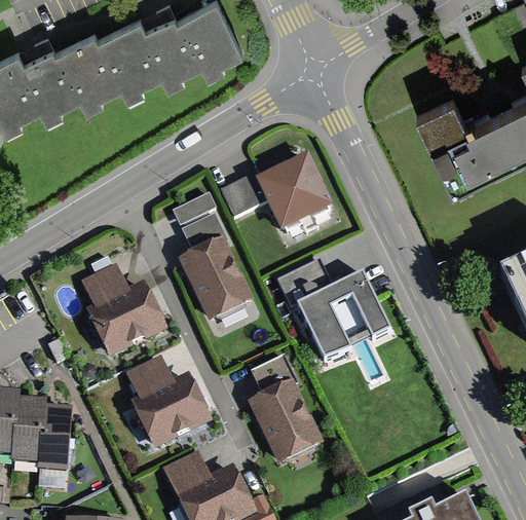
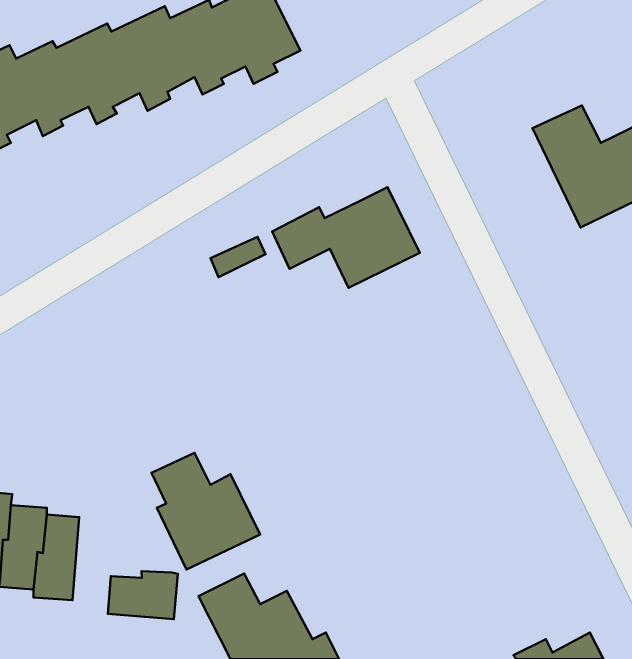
building: [179,213,251,320] -> none
building: [277,262,388,361] -> none
building: [80,263,170,361] -> none
building: [249,357,325,466] -> none
building: none -> [108,571,178,619]

